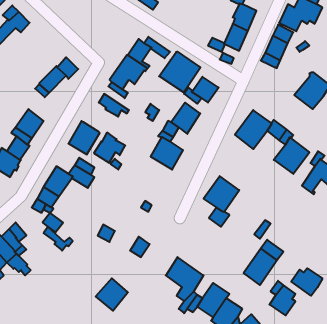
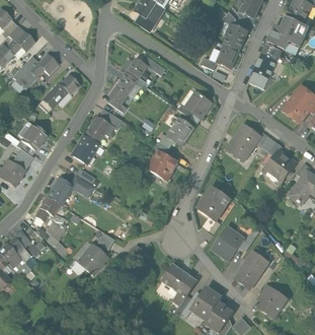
building: none -> [13,54,58,88]
building: [159,52,200,93] -> none
building: [94,133,125,163] -> [84,116,113,144]
building: none -> [211,224,245,260]
building: [291,268,322,296] -> none
building: [96,278,128,311] -> [77,243,107,273]

